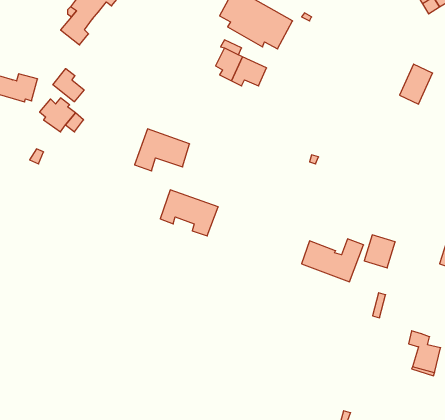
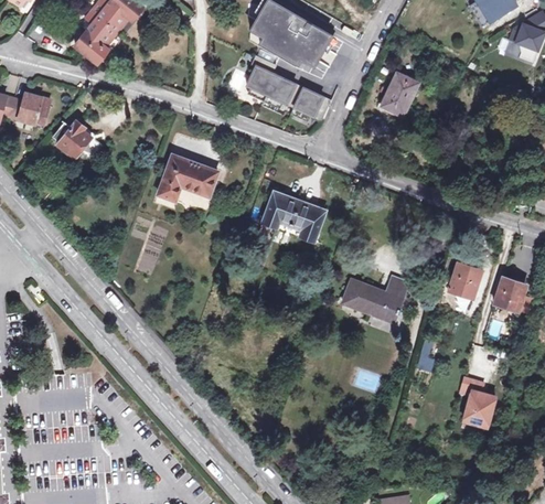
building: [400,64,433,104] -> [381,73,417,117]
building: none -> [290,87,331,120]
building: [53,69,84,102] -> none
building: [160,190,218,236] -> [263,191,327,242]
building: [364,235,395,268] -> [448,261,482,298]

